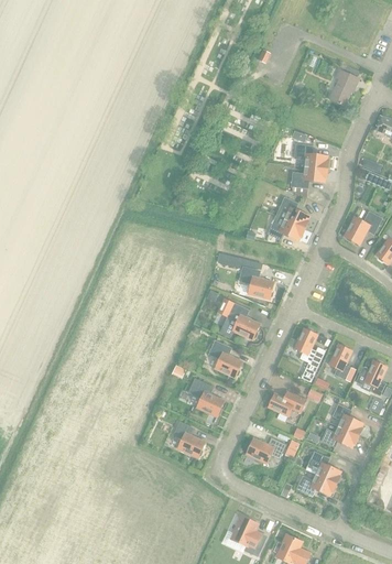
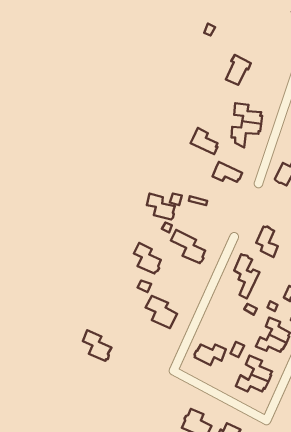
building: [329,68,360,105] -> [226,55,251,85]
building: [276,196,309,228] -> [191,128,218,154]
building: [240,265,274,297] -> [147,193,175,220]
building: [209,339,242,377] -> [134,243,161,274]
building: [329,344,356,381] -> [256,226,278,257]
building: [269,390,306,421] -> none
building: [171,420,206,457] -> [83,330,112,361]

